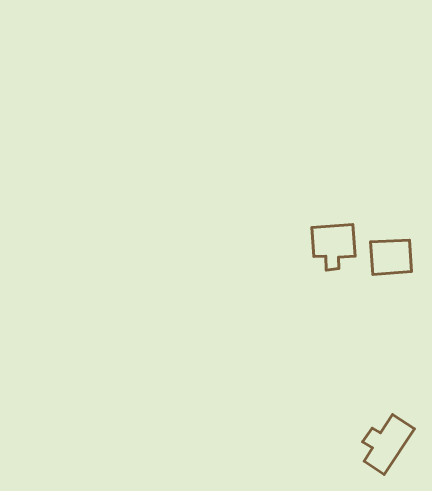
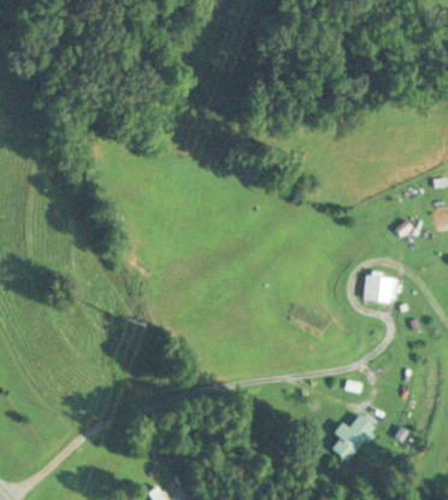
building: [312,224,355,270] -> none

